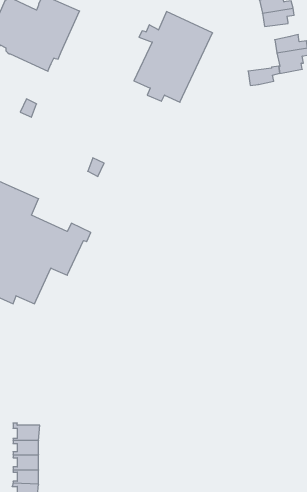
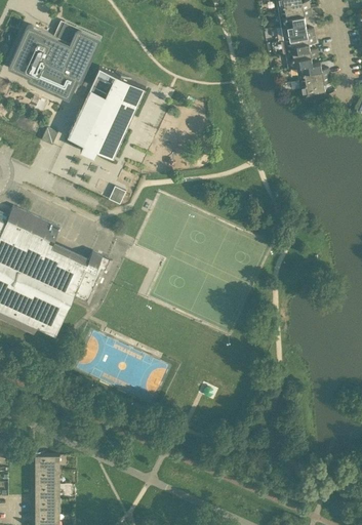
building: [134,12,213,102] -> [67,66,146,157]
building: [248,66,280,85] -> [286,48,318,68]

